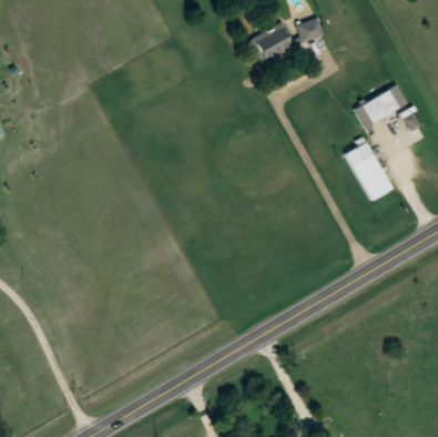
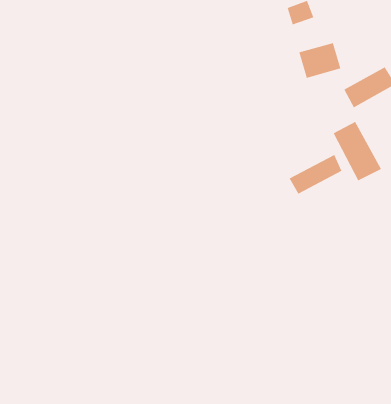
building: [251,26,294,62] -> [299,42,341,78]
building: none -> [289,154,342,195]

